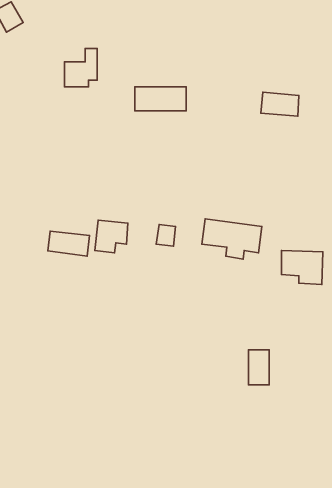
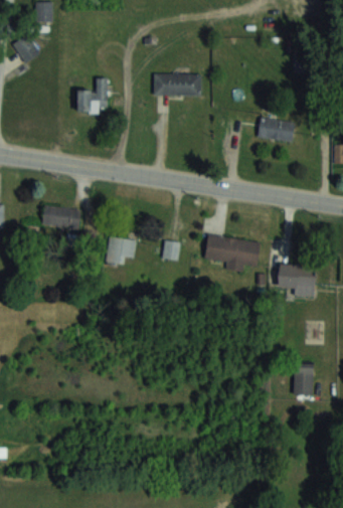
building: [135,87,186,111] -> [154,73,201,96]
building: [48,231,89,256] -> [42,206,80,229]
building: [248,350,269,385] -> [294,363,313,395]

